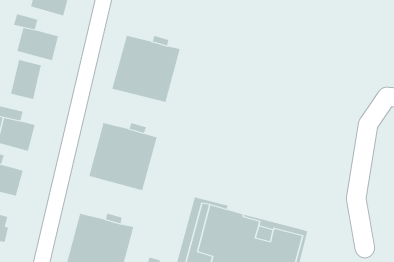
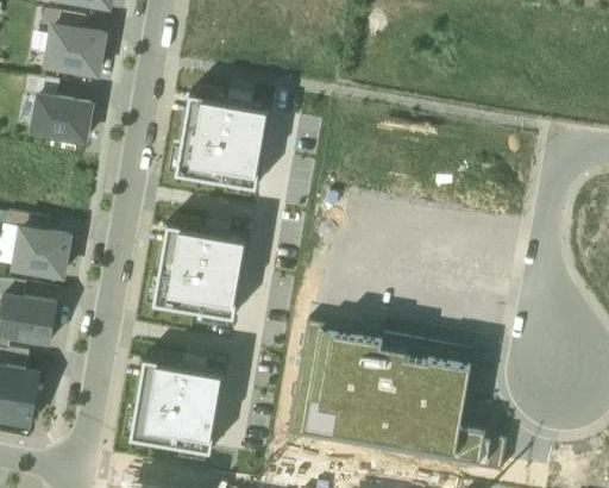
building: [11,59,42,100] -> none

